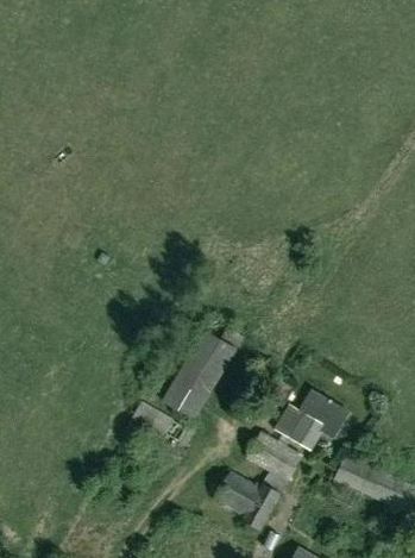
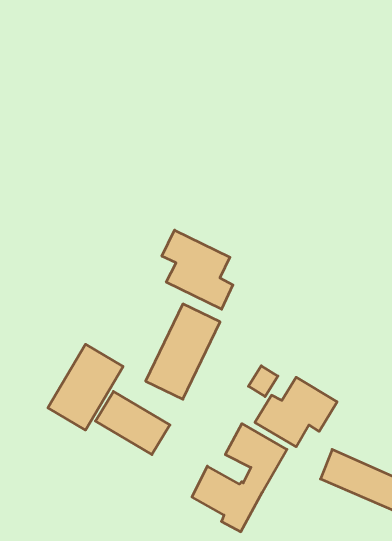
building: none -> [162,230,233,309]
building: none -> [48,344,123,430]

